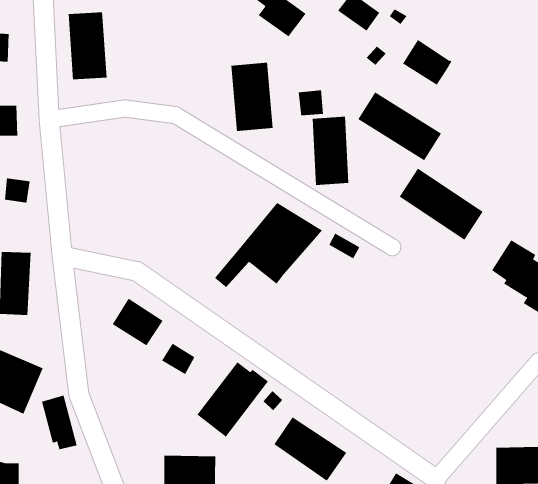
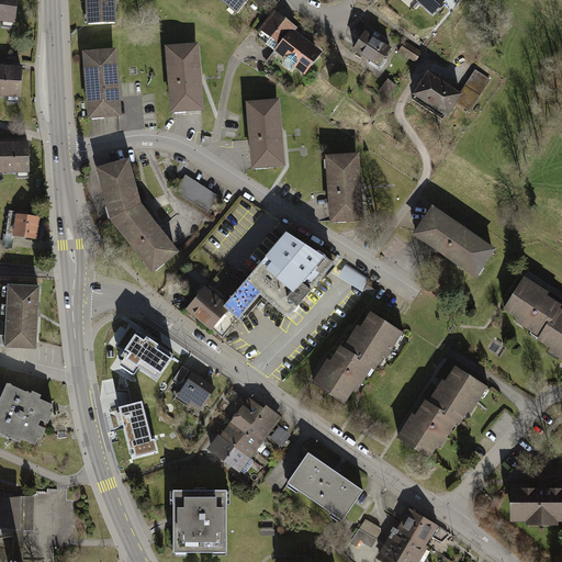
building: none -> [161,41,200,109]
building: none -> [458,70,491,112]
building: [298,90,324,116] -> none
building: [357,91,442,161] -> none
building: none -> [98,160,179,272]
building: none -> [175,178,218,215]
building: none -> [182,285,229,331]
building: none -> [311,312,403,404]
building: none -> [394,361,485,454]
building: [41,395,77,450] -> [120,401,156,456]

